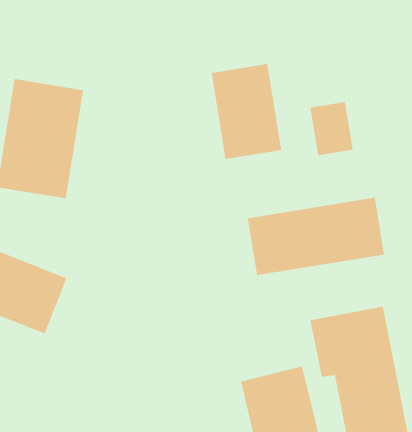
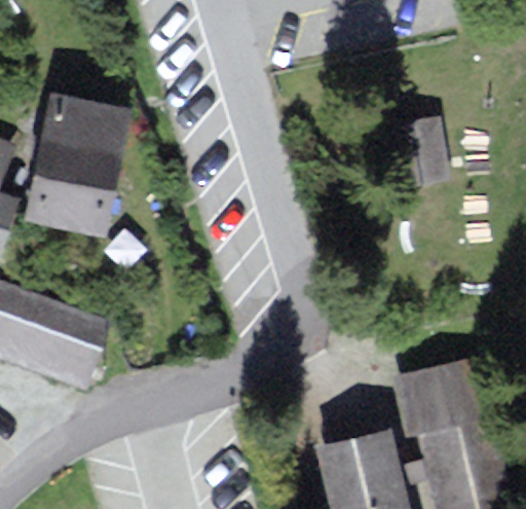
building: [211,63,282,160] -> none
building: [247,197,385,276] -> none

